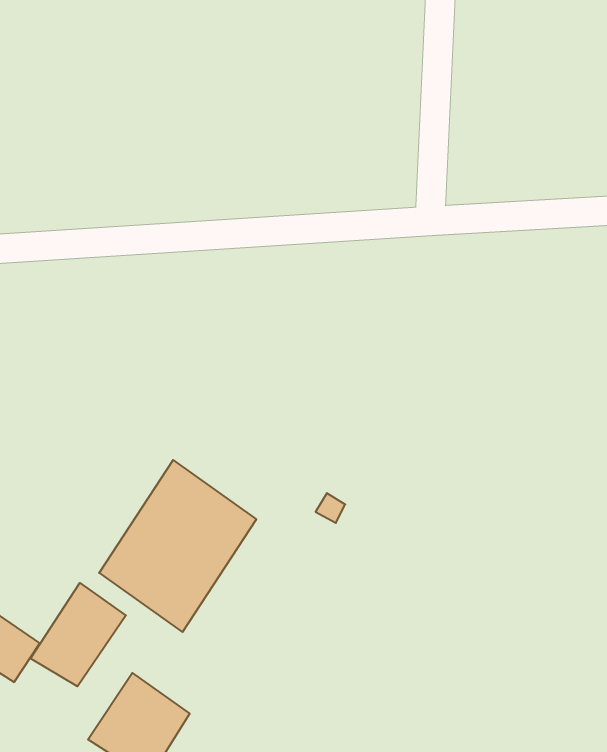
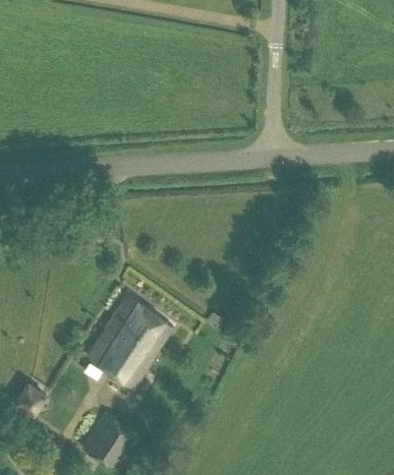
building: [30,583,126,686] -> none

